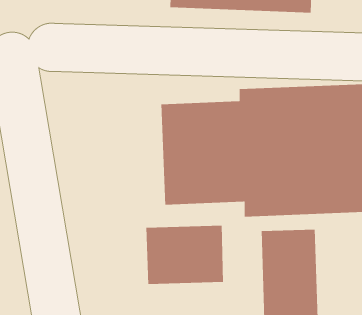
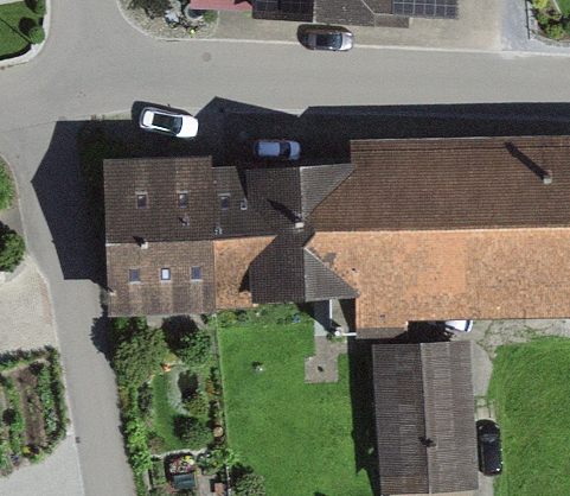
building: none -> [111,158,245,312]
building: [145,225,224,285] -> none

